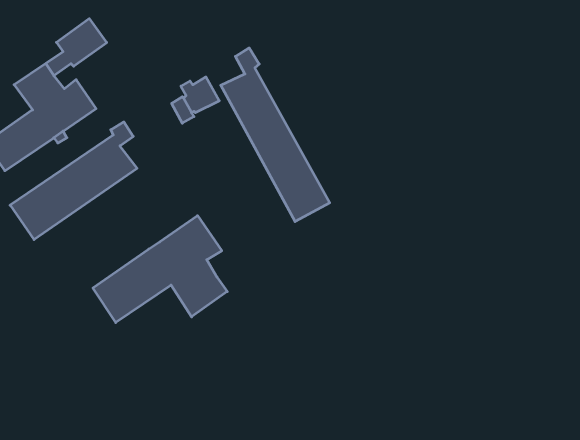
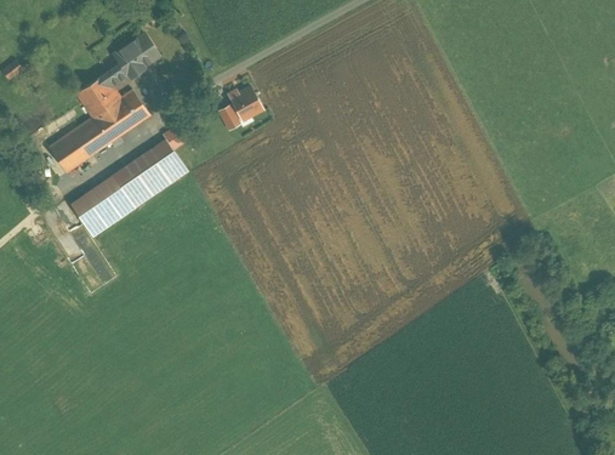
building: [221,48,330,222] -> none
building: [93,216,227,323] -> none

